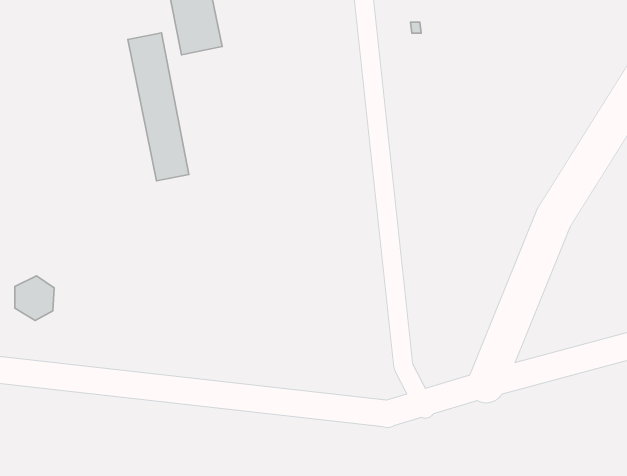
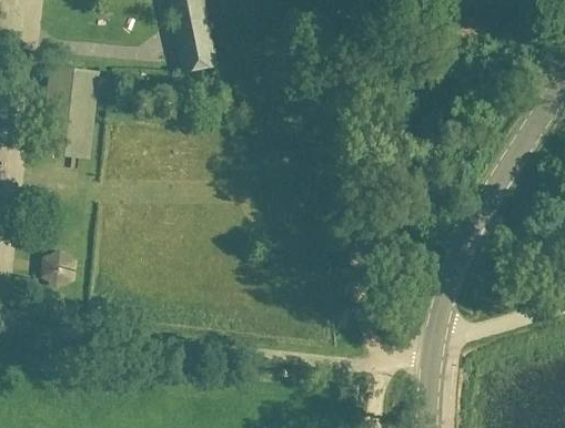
building: [128,33,189,181] -> none

